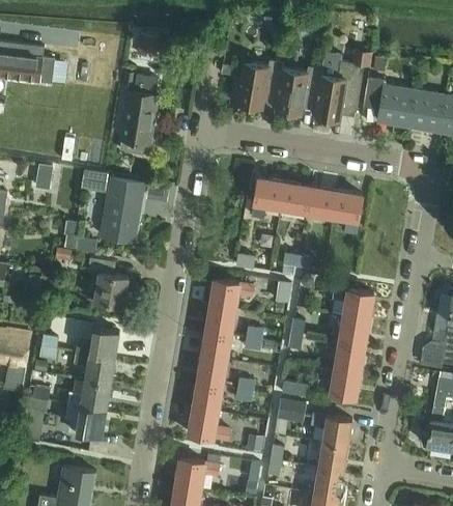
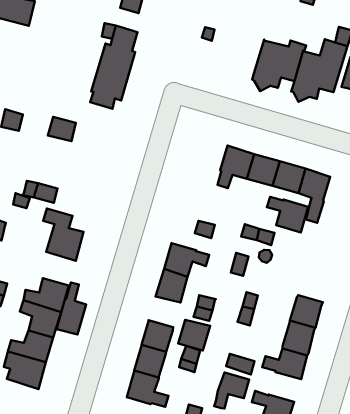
building: [229,61,283,114] -> none
building: [100,179,142,243] -> none
building: [332,288,372,319] -> [267,197,308,232]
building: none -> [56,283,86,334]
building: [200,333,229,361] -> [178,320,210,351]

